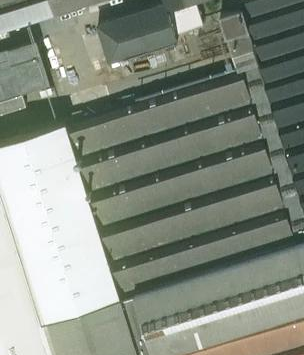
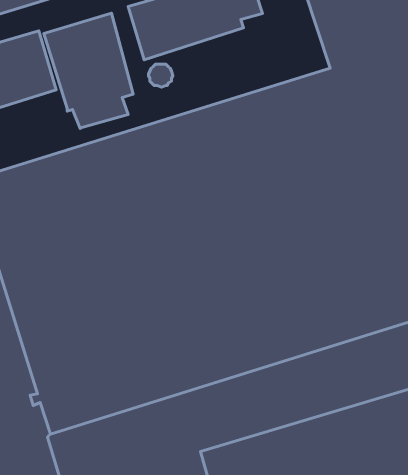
building: none -> [44,13,133,128]

